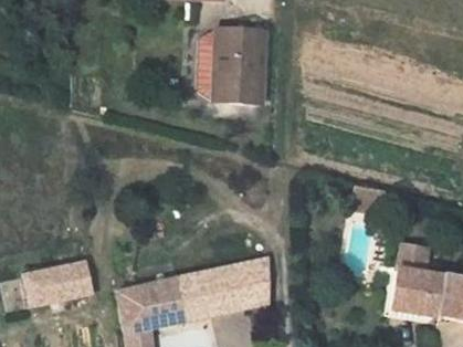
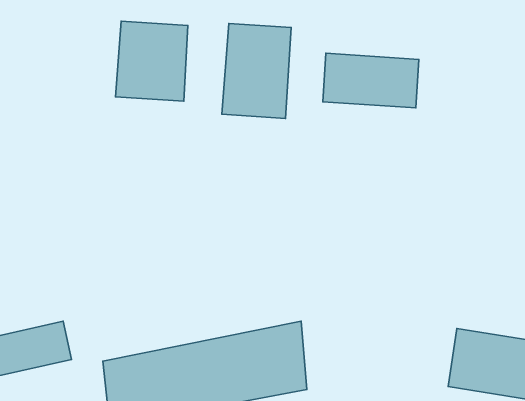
building: none -> [116,21,188,101]
building: none -> [323,53,419,108]

